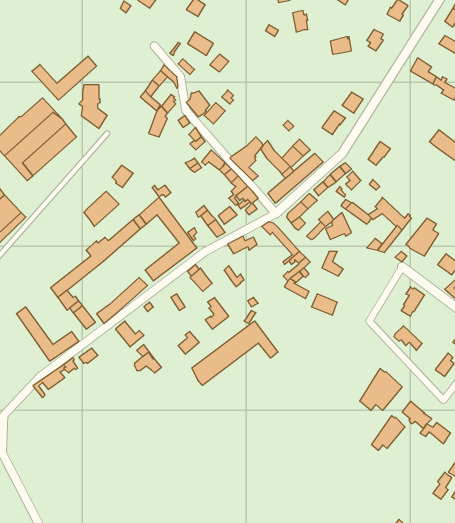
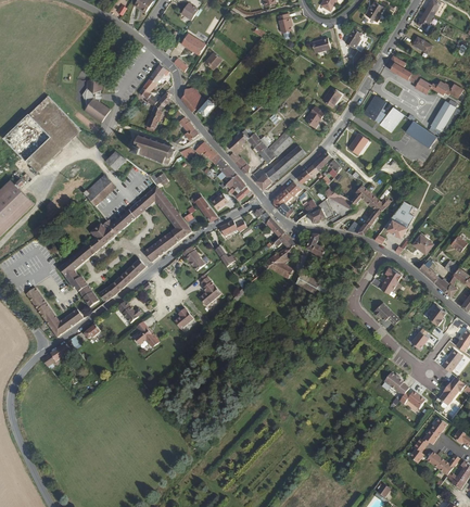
building: [32,56,96,100] -> none
building: none -> [364,97,404,135]
building: none -> [131,134,176,164]
building: [192,321,278,385] -> none
building: [360,369,402,411] -> none
building: [372,416,405,450] -> none

